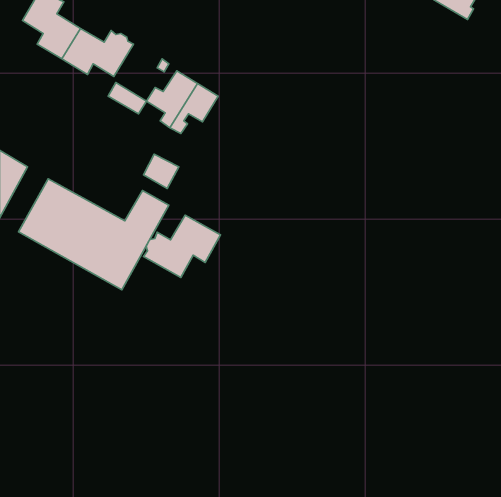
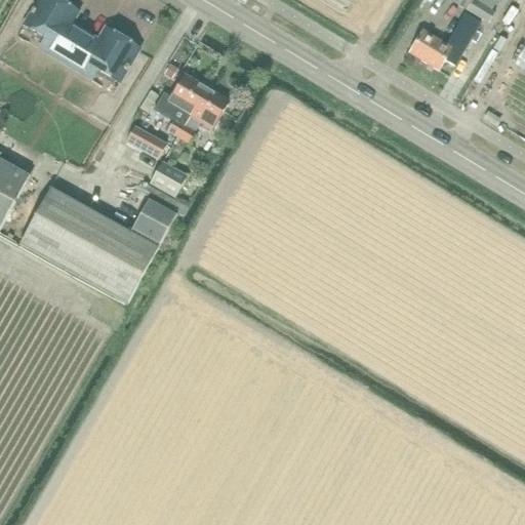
building: none -> [408,10,480,69]
building: [108,83,146,114] -> [126,122,166,155]
building: [144,215,220,278] -> none

